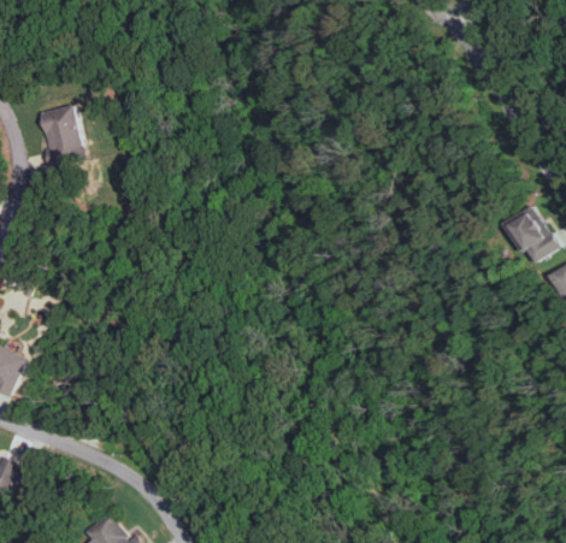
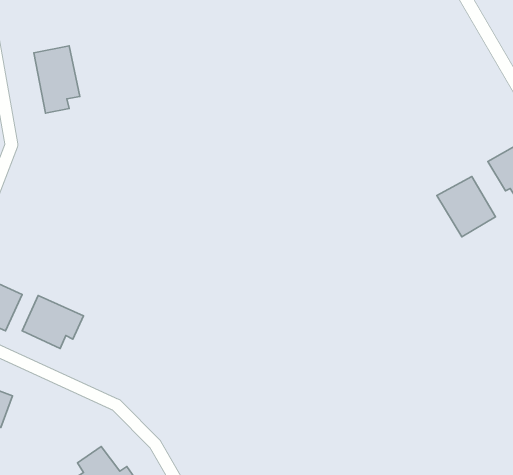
building: none -> [437,176,496,237]
building: none -> [22,295,84,348]

